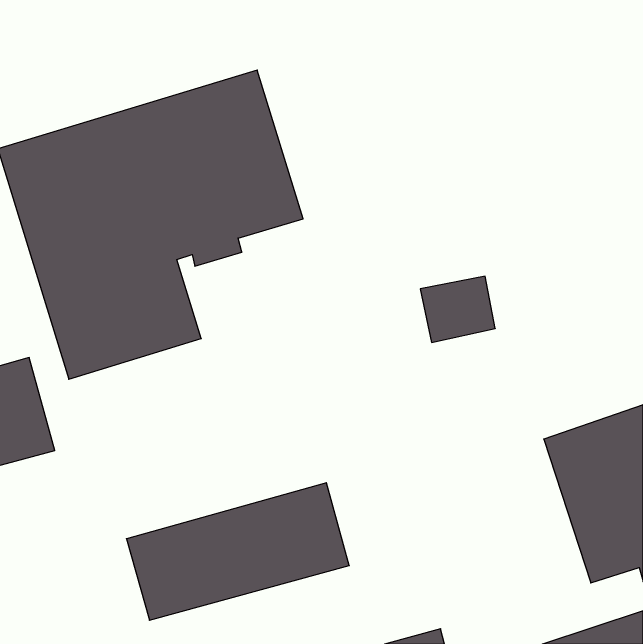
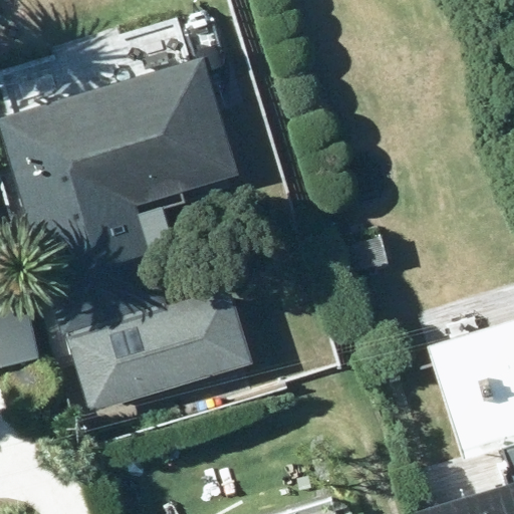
building: [126,483,349,620] -> [63,296,239,405]

